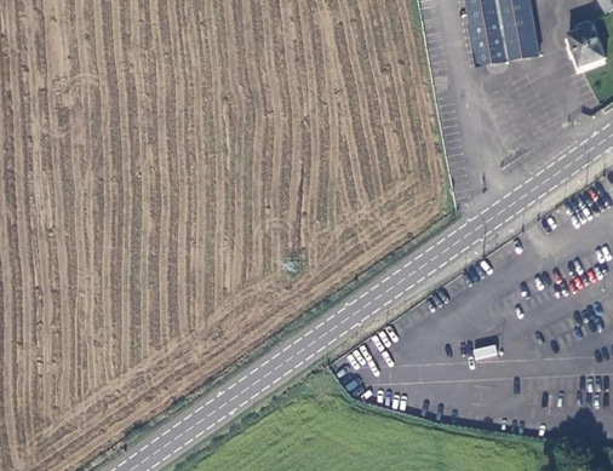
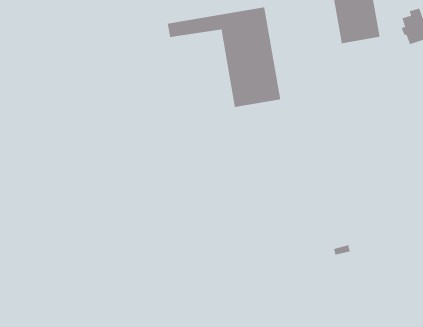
building: none -> [167,6,281,108]

